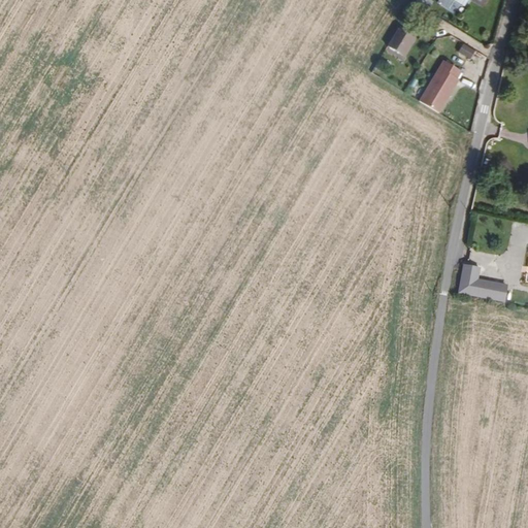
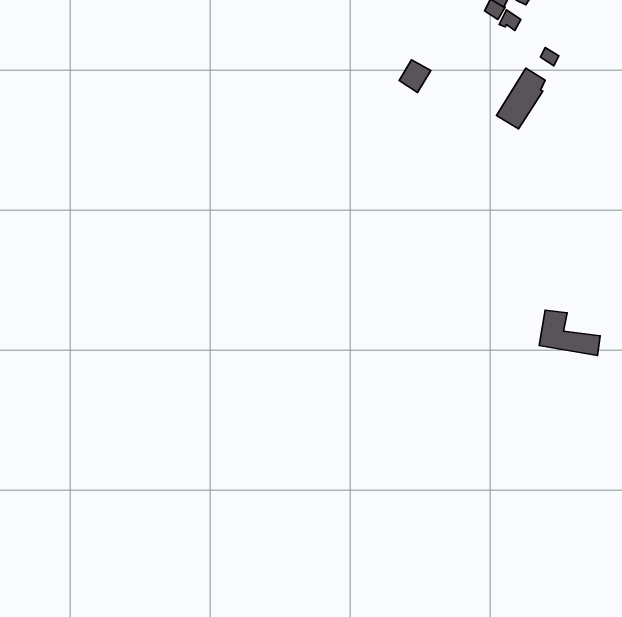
building: [388,25,415,53] -> [399,60,431,93]

